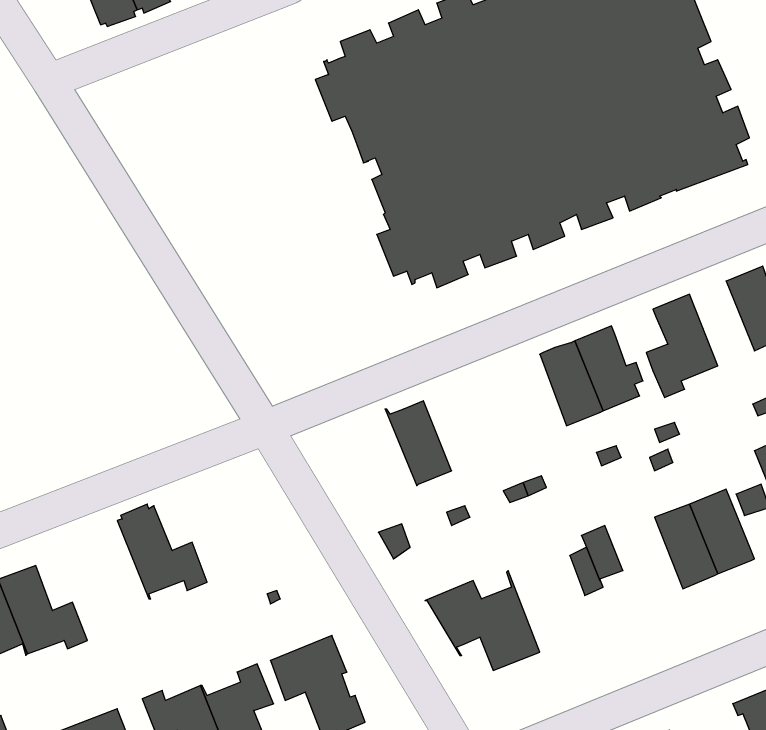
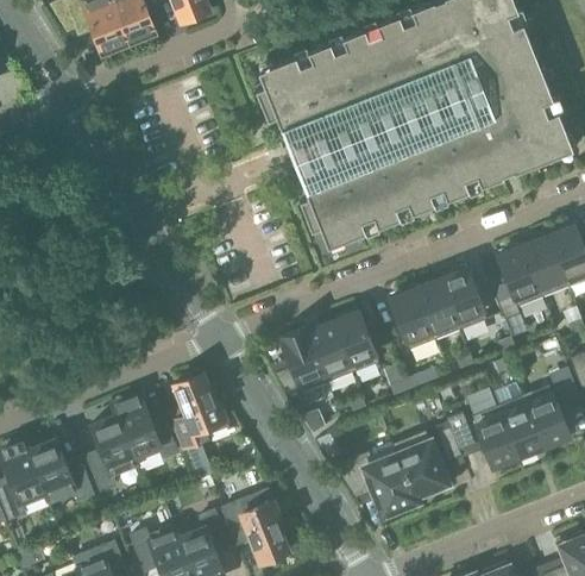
building: none -> [523,237,570,298]
building: none -> [389,289,435,350]
building: none -> [333,312,379,372]
building: none -> [275,328,328,397]
building: none -> [174,369,227,449]
building: none -> [472,406,518,467]
building: none -> [90,408,137,492]
building: none -> [394,431,454,502]

